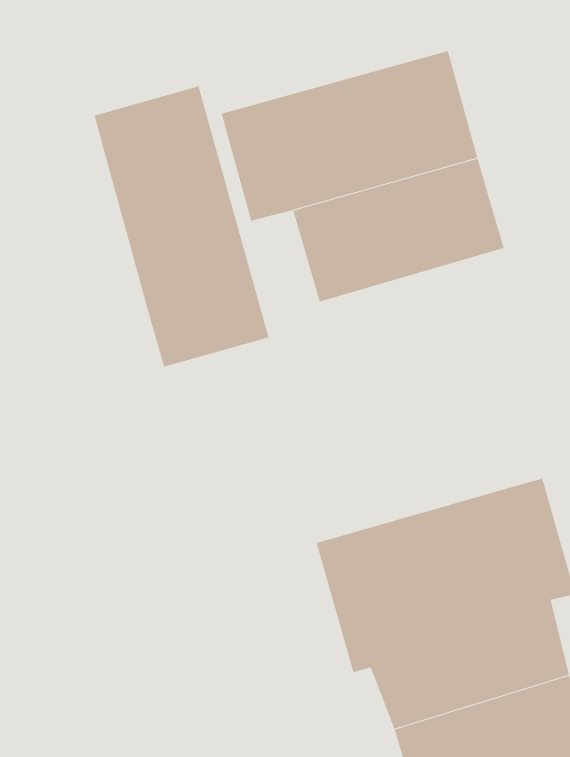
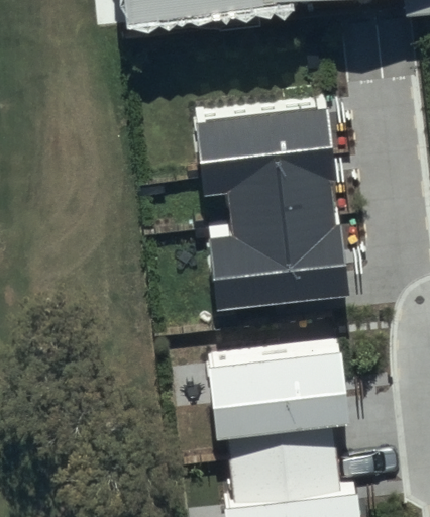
building: [94,86,269,368] -> none
building: none -> [210,220,349,309]

